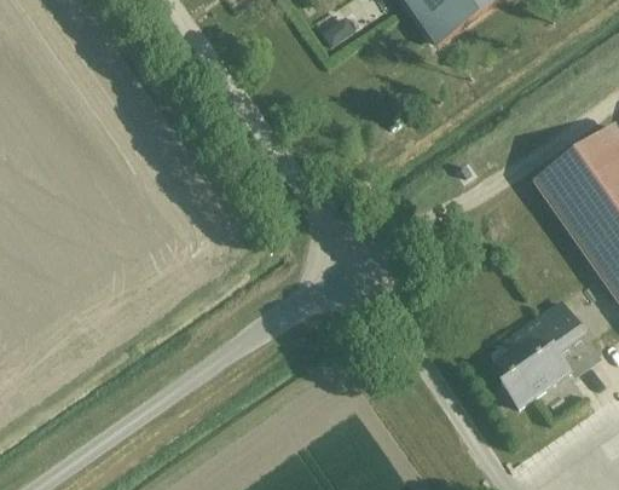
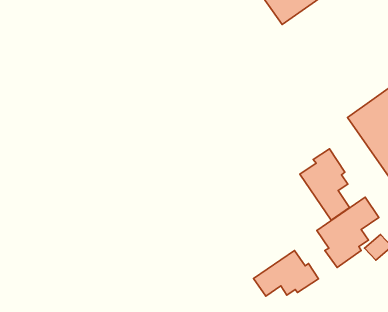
building: none -> [300,149,350,220]
building: none -> [254,250,318,296]

